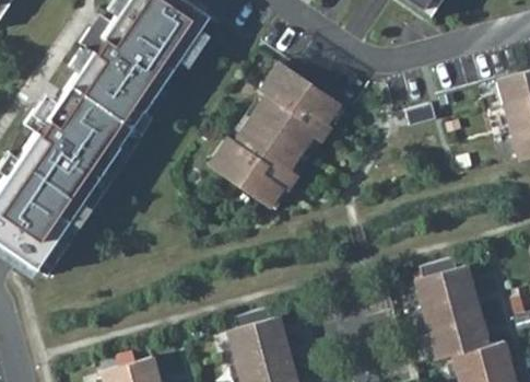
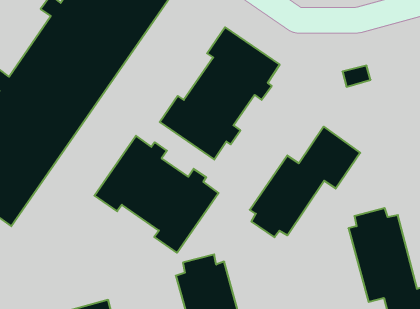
building: none -> [250,127,360,237]
building: none -> [94,136,219,253]

